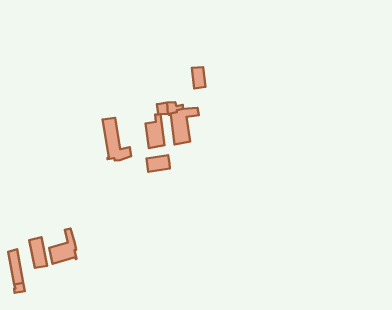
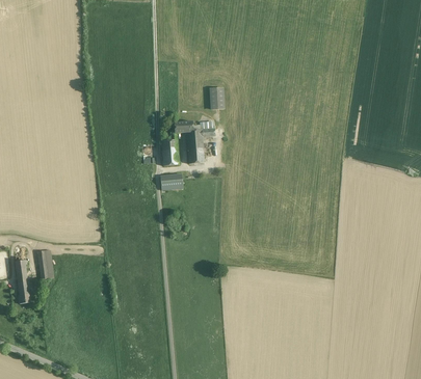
building: [103,118,131,161] -> none
building: [49,229,76,264] -> none

